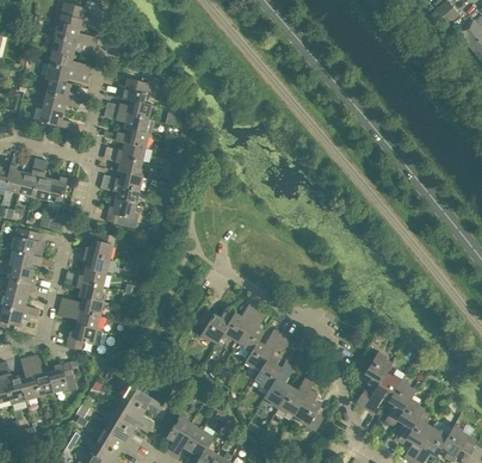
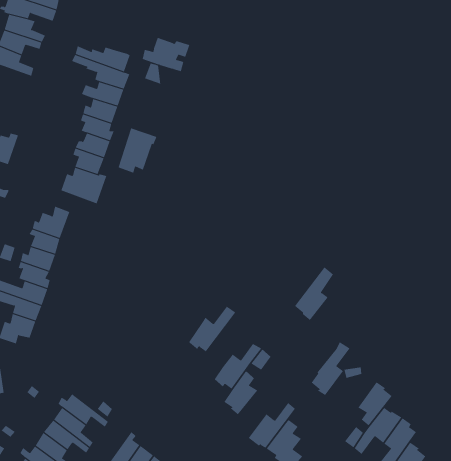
building: [115,76,153,103] -> [142,37,190,72]
building: none -> [118,128,157,173]
building: [235,305,265,351] -> [294,266,334,321]
building: [197,308,229,342] -> none
building: [262,362,292,407] -> [311,341,351,396]

